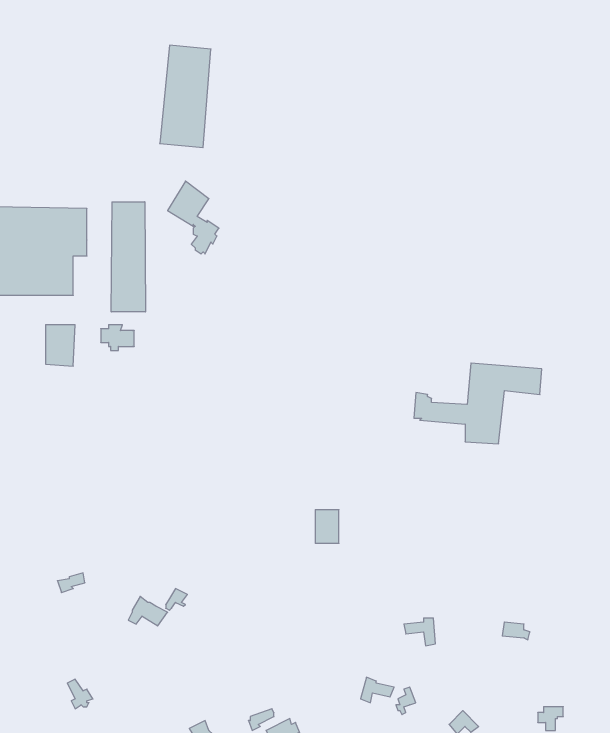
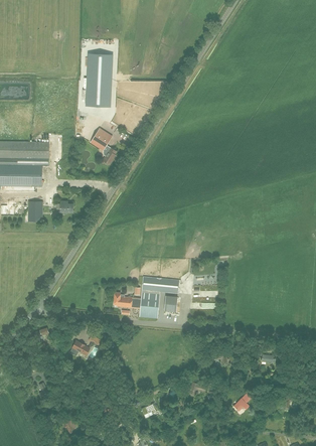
building: [111,202,145,312] -> none
building: [414,363,542,444] -> [113,276,178,317]

